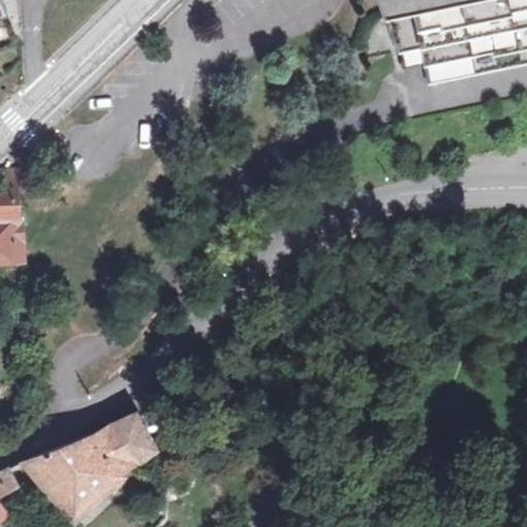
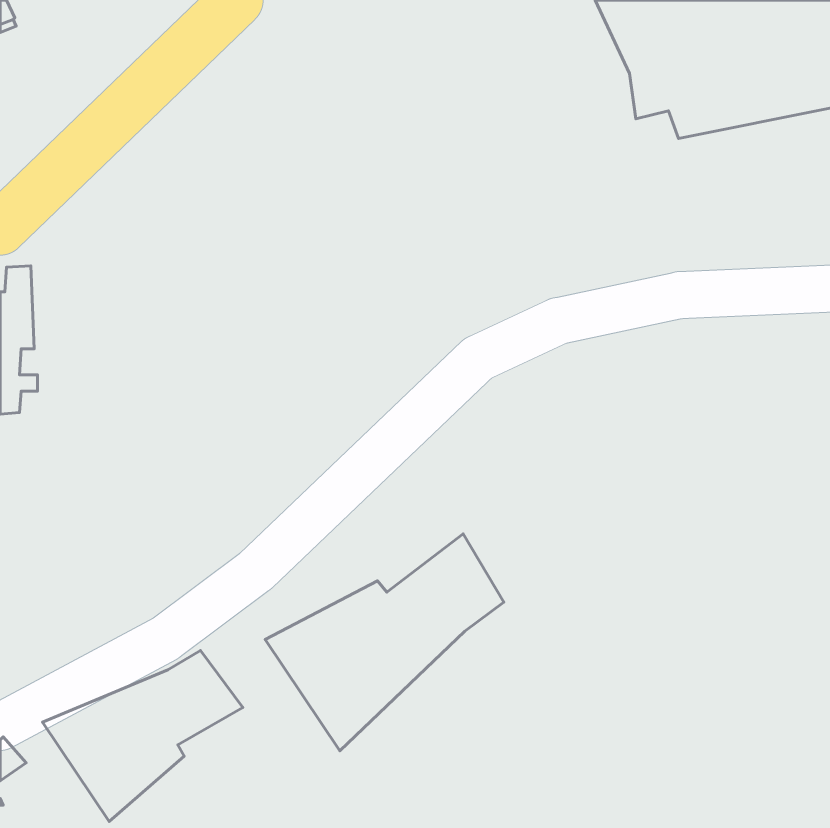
building: none -> [265,534,504,751]

